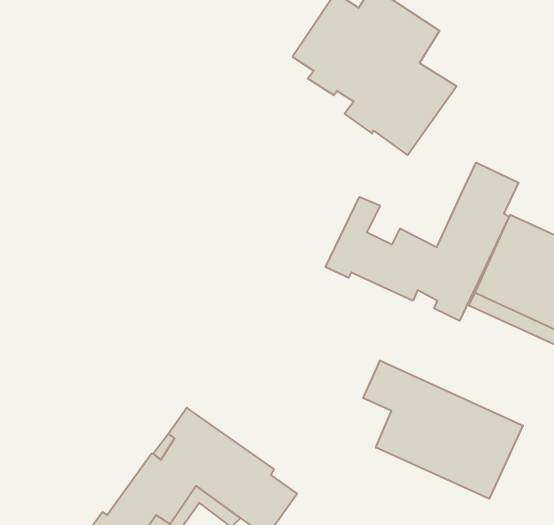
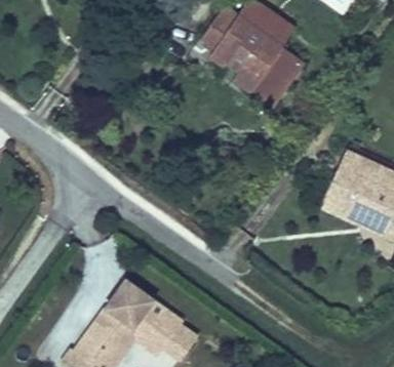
building: [326,163,519,321] -> none
building: [363,360,523,499] -> none

